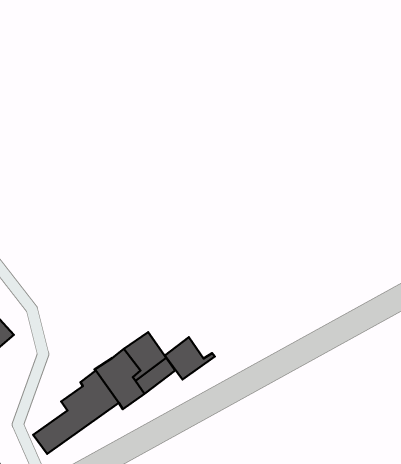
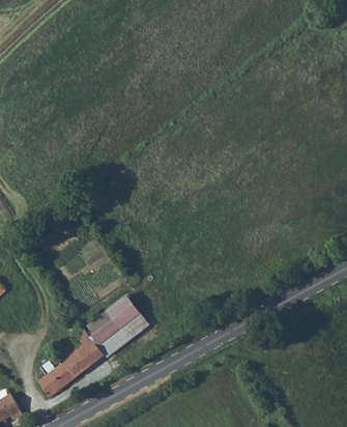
building: [165,337,215,379] -> none

